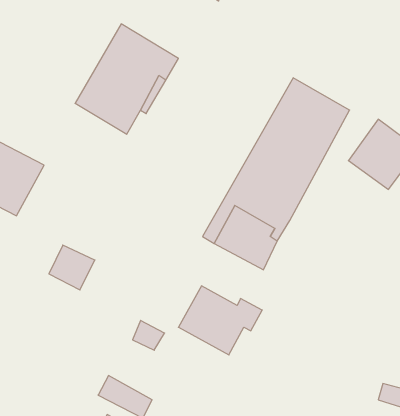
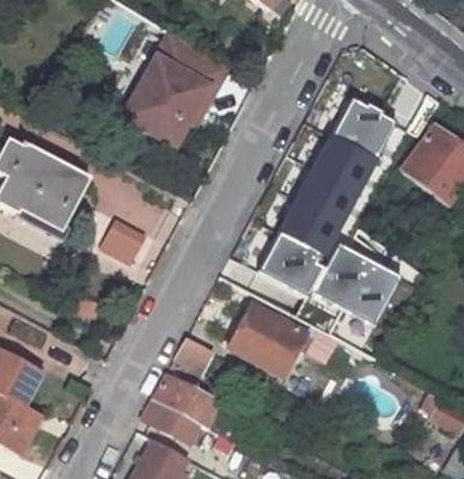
building: none -> [316,237,404,320]
building: [49,245,95,290] -> [103,217,151,264]
building: none -> [154,376,219,428]

